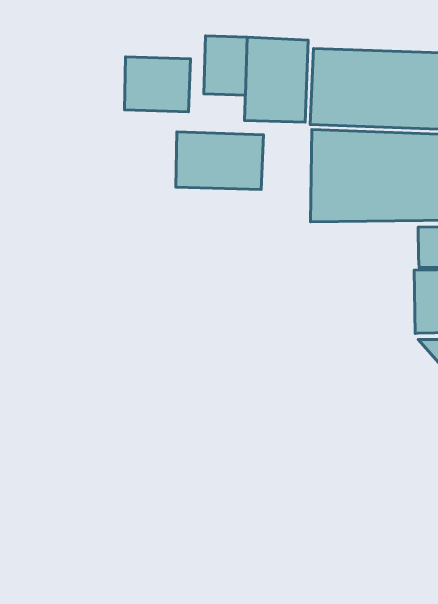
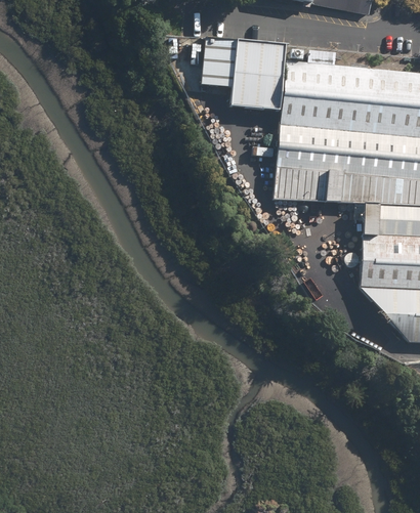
building: [124,57,190,112] -> none
building: [176,132,263,190] -> none

